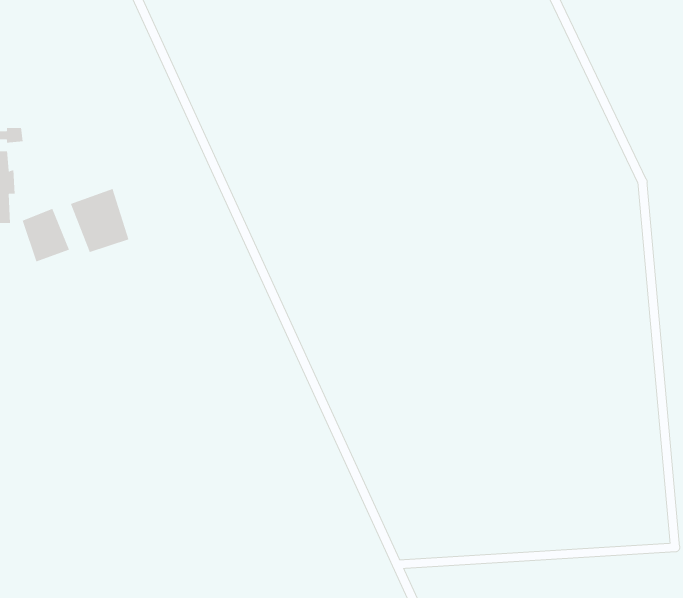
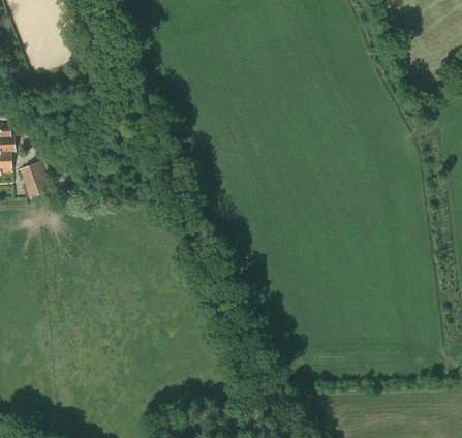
building: [70,188,129,253] -> none

